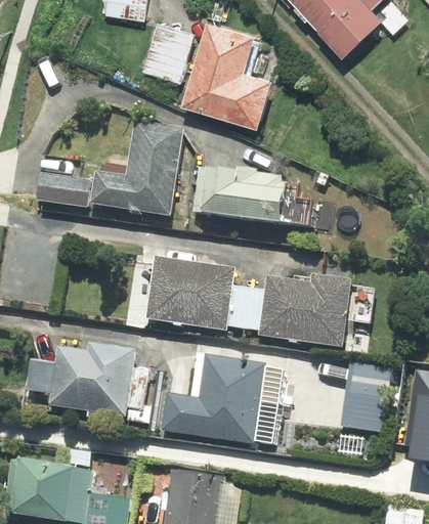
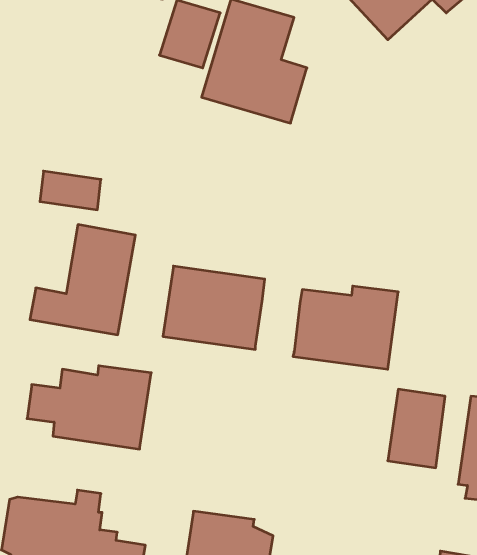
building: [92,118,184,214] -> [30,225,135,335]
building: [192,166,312,225] -> none
building: [226,285,265,331] -> none
building: [163,355,283,443] -> none

